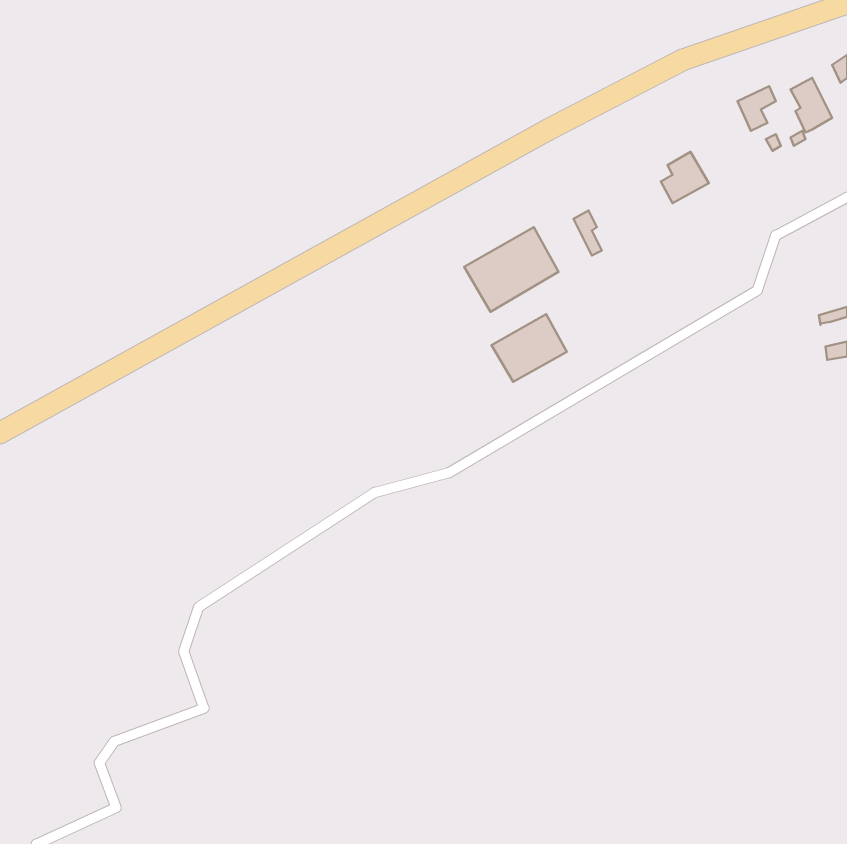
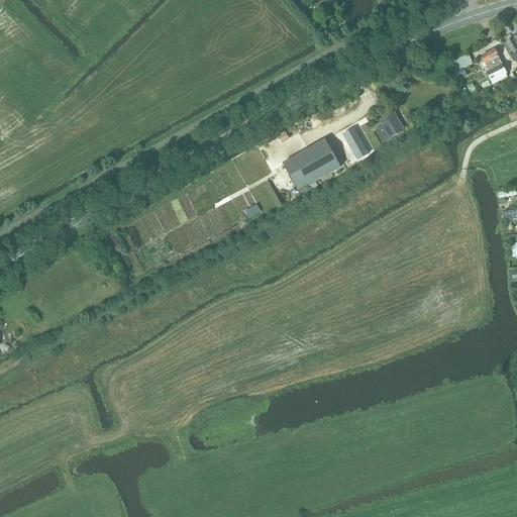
building: [661,152,709,203] -> [376,110,405,141]
building: [492,314,567,382] -> none

